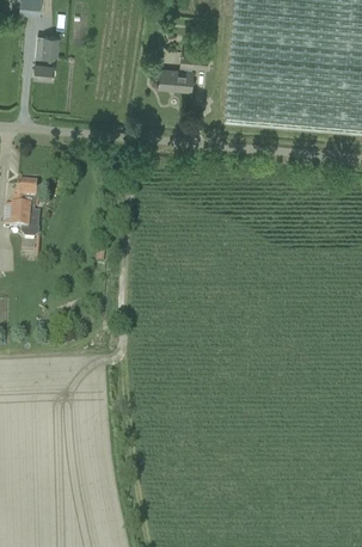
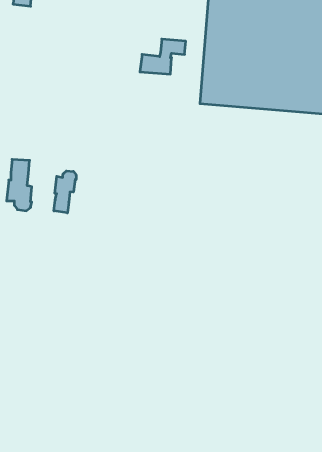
building: [35,32,59,74] -> none
building: none -> [54,171,76,213]

